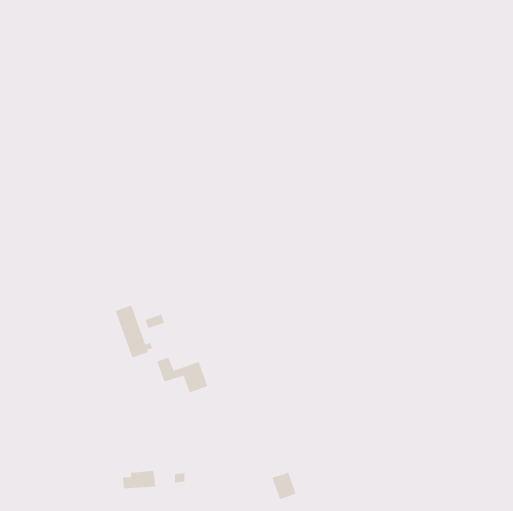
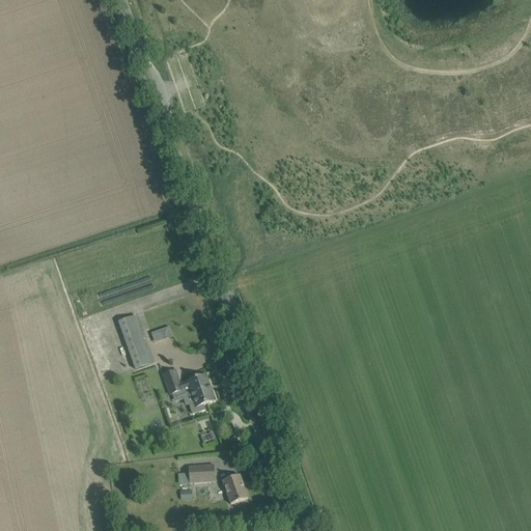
building: [122,471,156,489] -> [179,463,215,481]
building: [272,472,297,500] -> [221,473,247,502]

